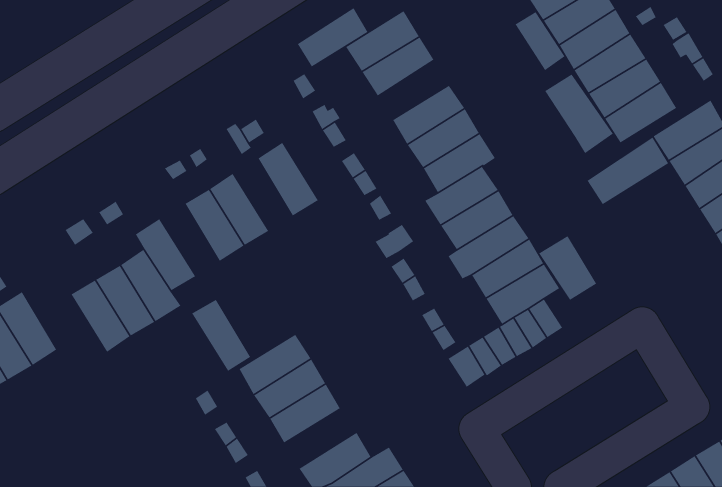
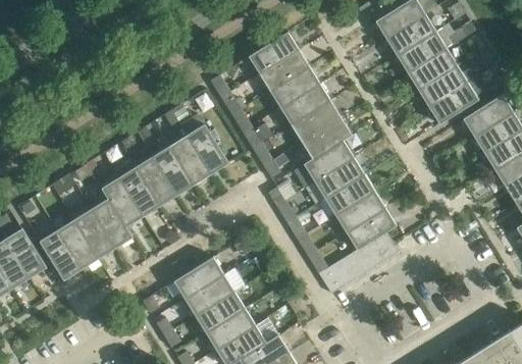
building: [297,7,369,67] -> [270,65,320,107]
building: [515,11,565,71] -> none
building: [544,73,614,154] -> none
building: [587,137,669,205] -> none
building: none -> [169,134,211,185]
building: [538,235,597,301] -> none
building: none -> [39,228,82,280]
building: [191,299,251,372] -> [118,165,160,216]
building: none -> [205,308,256,350]

